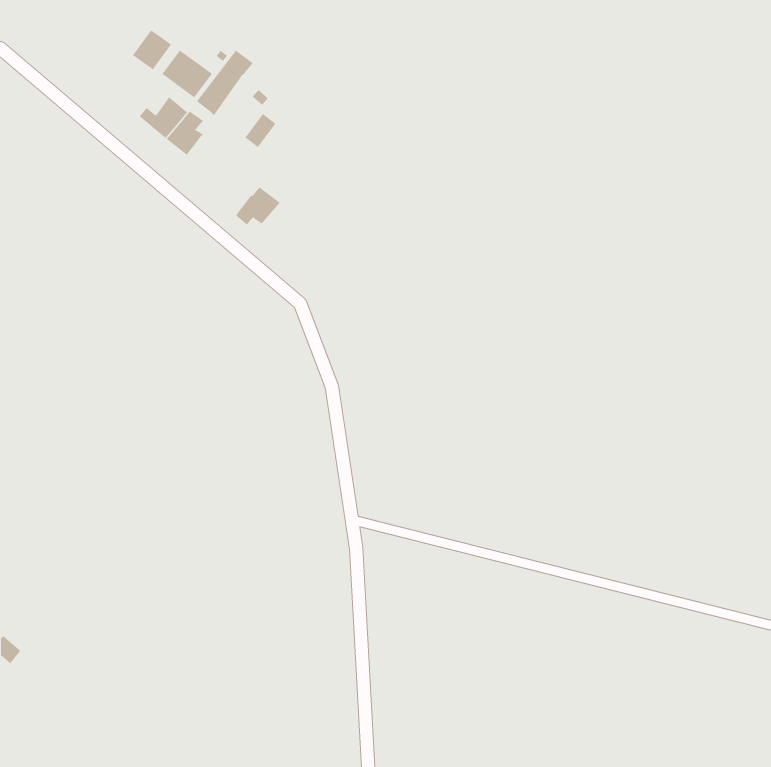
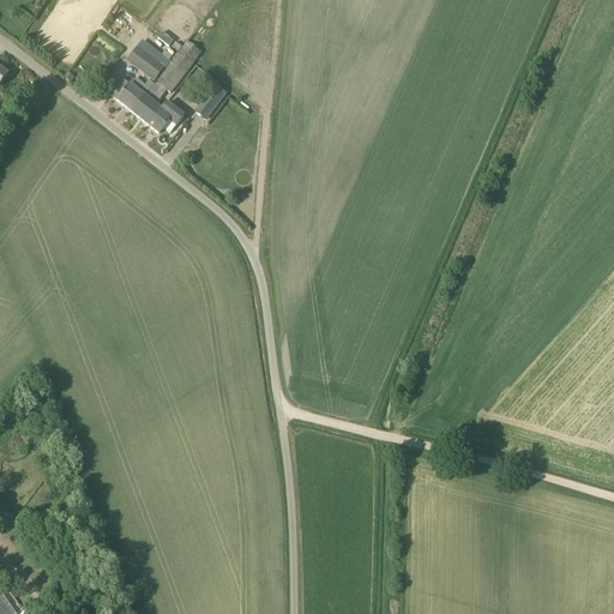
building: [132,29,172,70] -> none
building: [235,186,280,226] -> [149,101,185,132]

